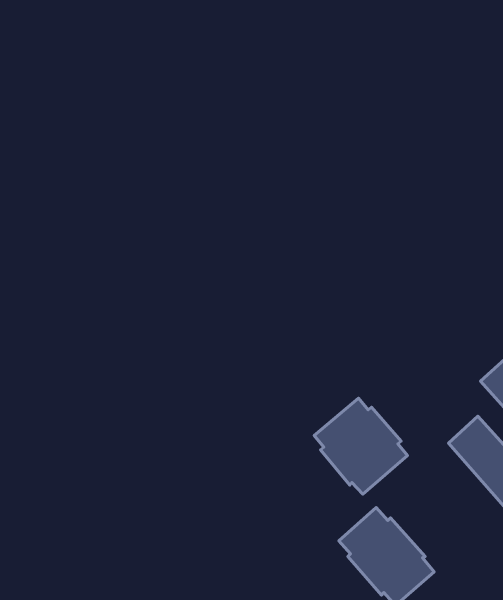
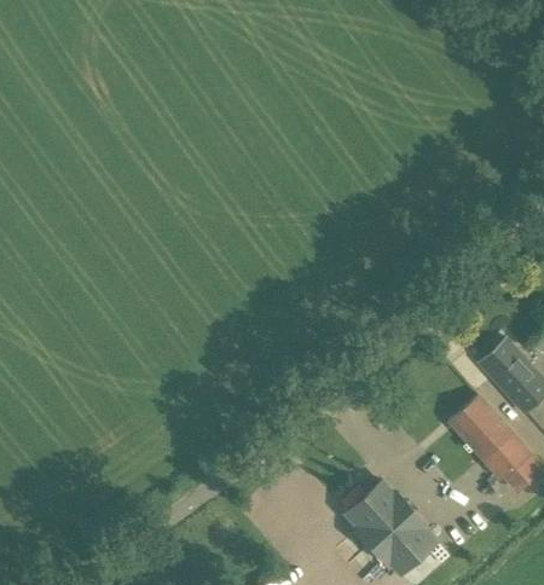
building: [314,398,407,494] -> none

